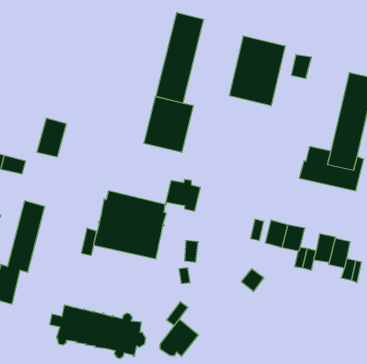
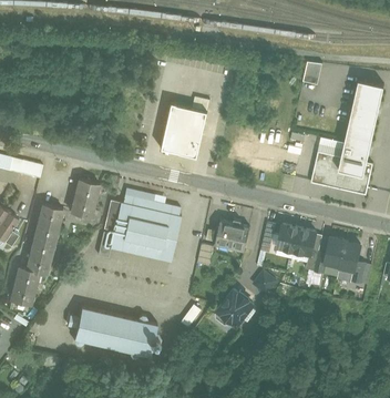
building: [156,12,203,103] -> none
building: [230,36,285,106] -> none
building: [37,118,66,157] -> [70,180,99,217]
building: [165,179,200,211] -> [215,220,249,251]
building: [160,319,199,357] -> [215,289,253,326]

